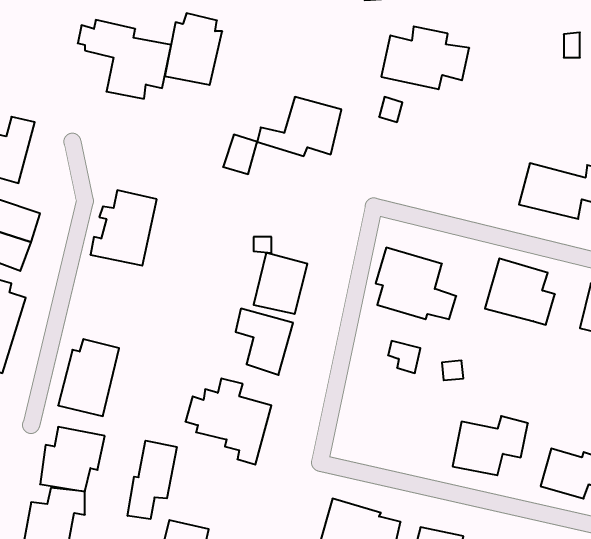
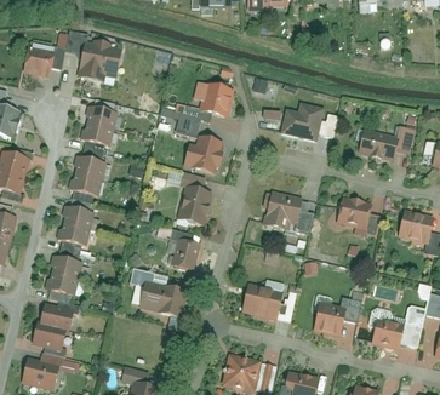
building: [165,13,222,85] -> [80,97,119,145]
building: [381,26,469,89] -> [278,99,337,142]
building: none -> [19,38,62,78]
building: none -> [183,134,222,172]
building: none -> [57,195,98,245]
building: none -> [239,280,282,319]
building: [128,441,177,519] -> none

